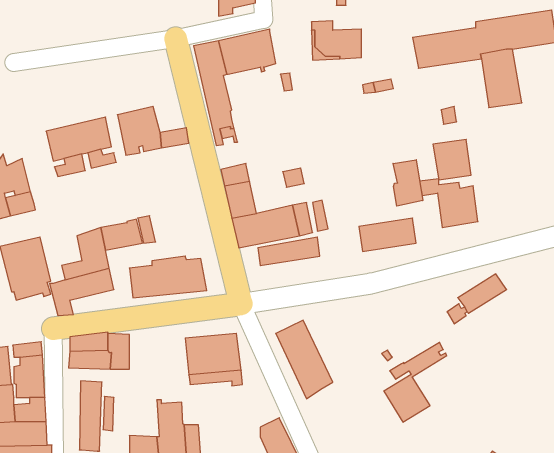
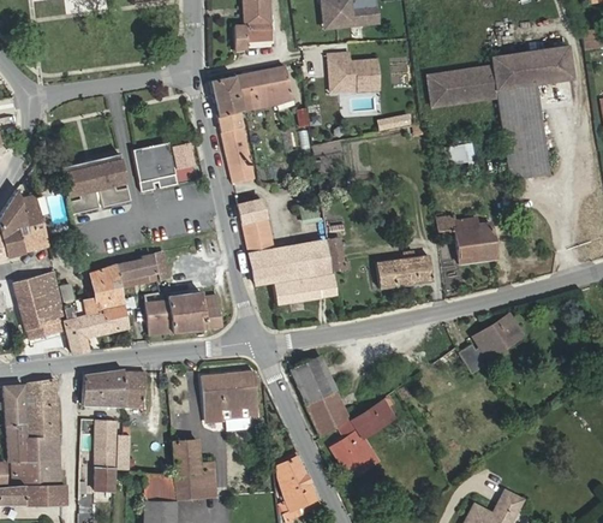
building: [433,139,471,180] -> [507,138,545,179]
building: [393,160,423,206] -> none
building: [384,342,447,422] -> [332,399,395,480]

